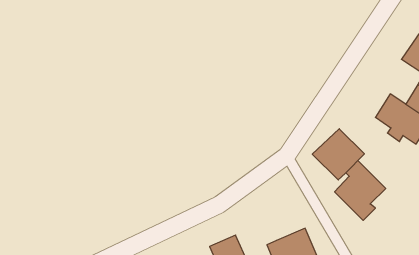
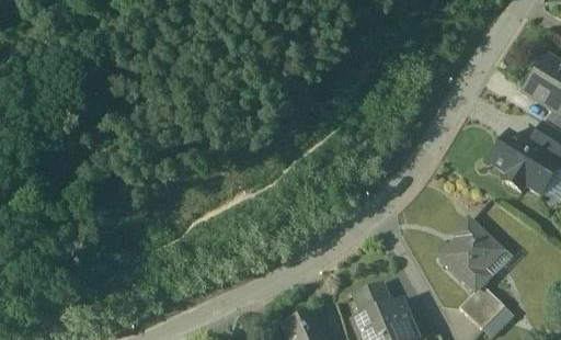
building: [312,129,364,180] -> none
building: none -> [356,284,391,317]
building: none -> [460,284,504,329]

